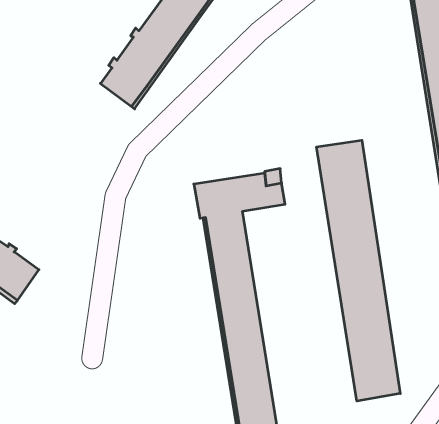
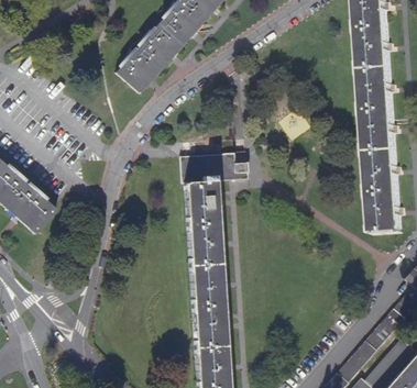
building: [317,140,400,401] -> none

